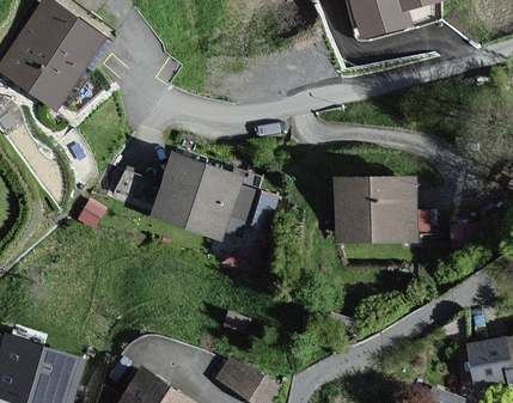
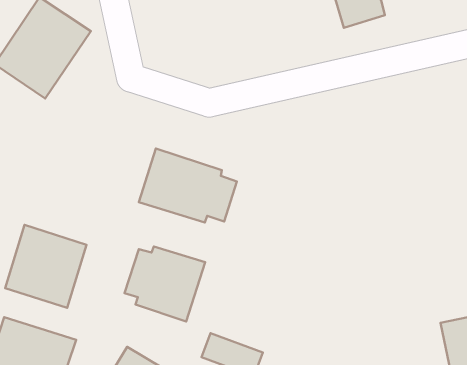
building: [336,181,414,243] -> none
building: none -> [5,225,86,308]
building: none -> [125,247,205,321]

